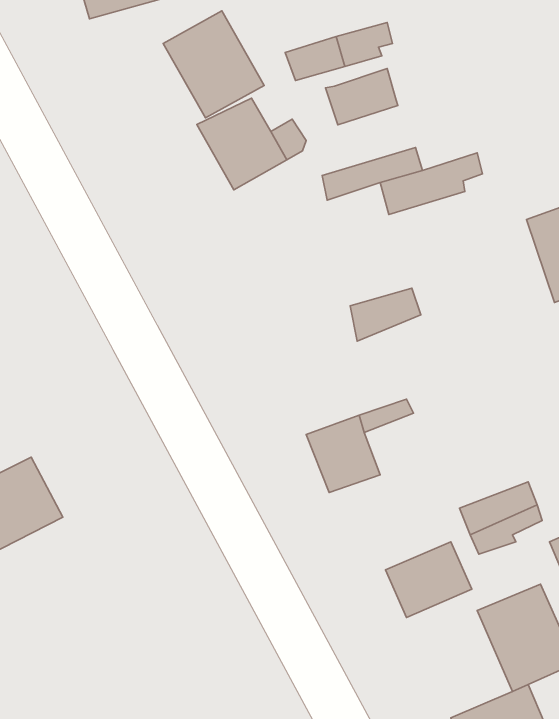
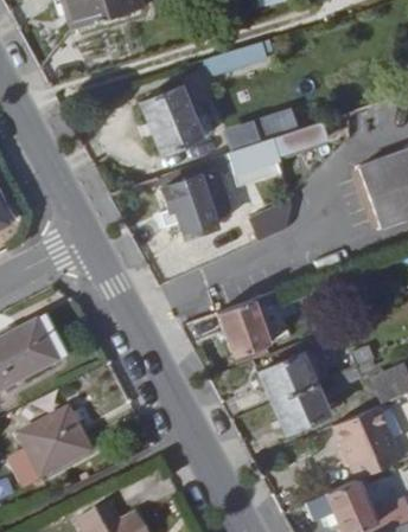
building: [163,11,264,118] -> none
building: [326,69,398,125] -> [223,140,272,178]
building: none -> [152,169,221,239]
building: none -> [256,354,320,400]
building: none -> [21,412,94,482]

